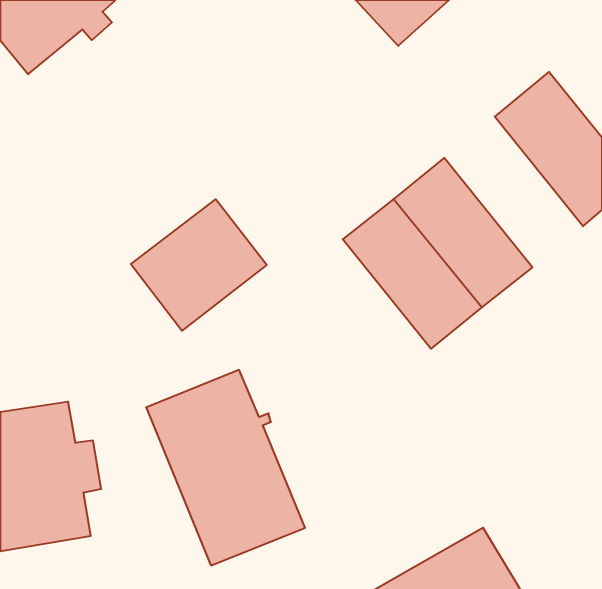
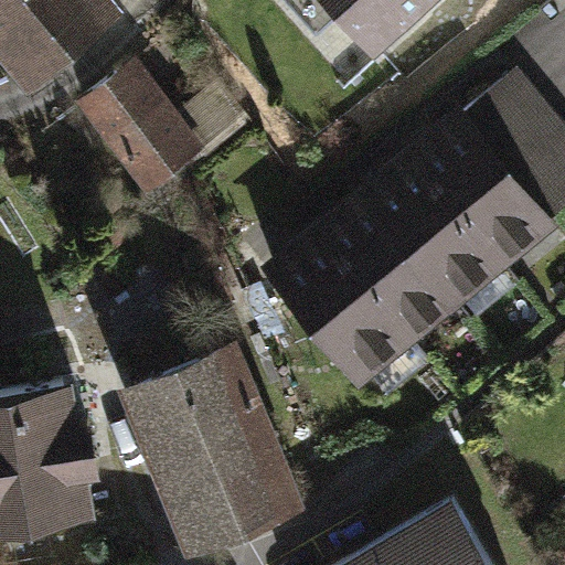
building: none -> [83,70,198,192]
building: none -> [416,121,546,263]
building: [131,199,267,331] -> none
building: none -> [274,236,404,376]

